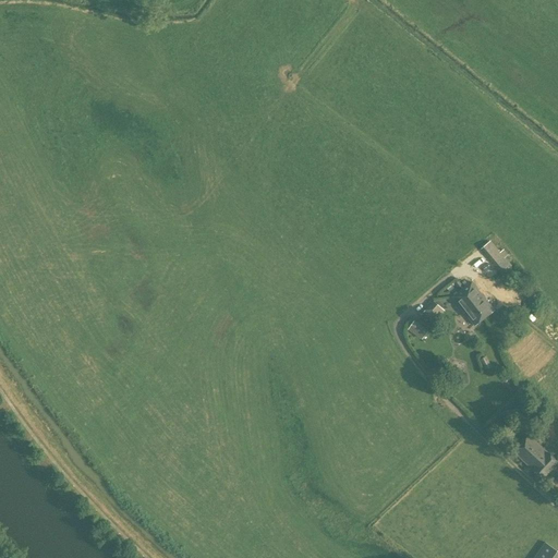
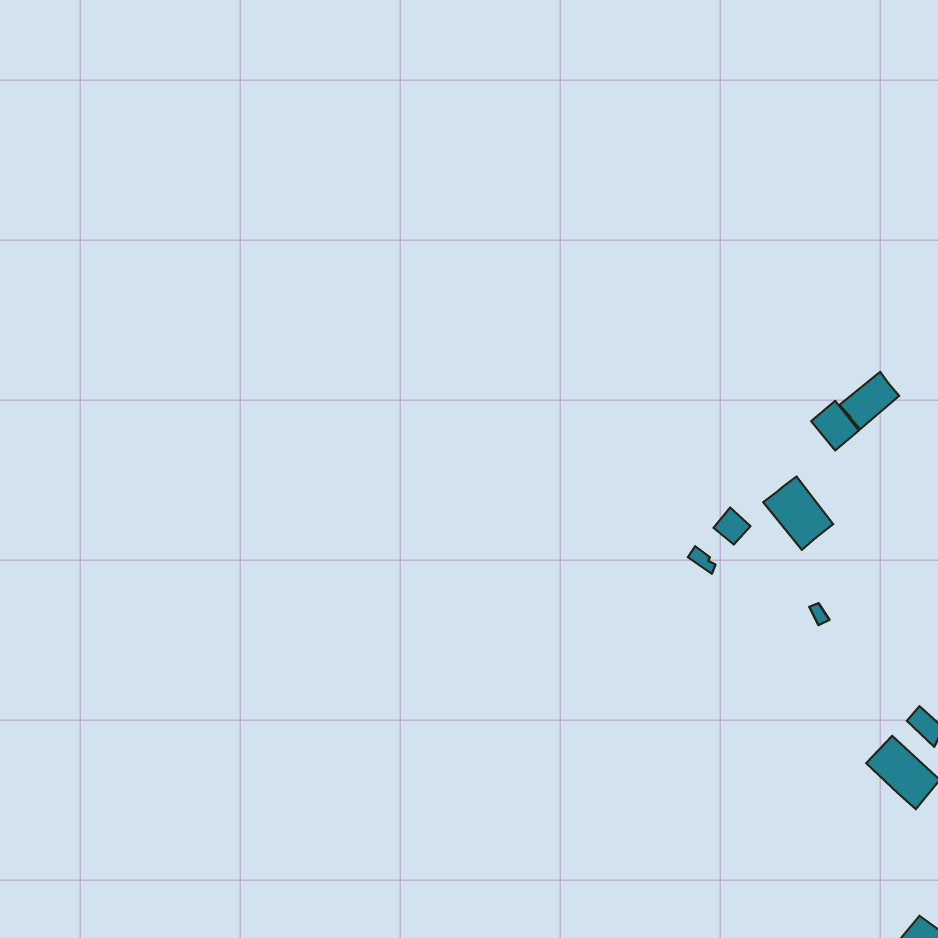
building: none -> [839,372,899,429]

